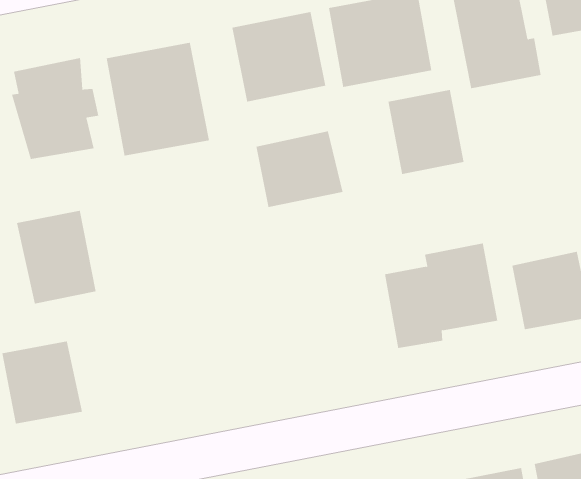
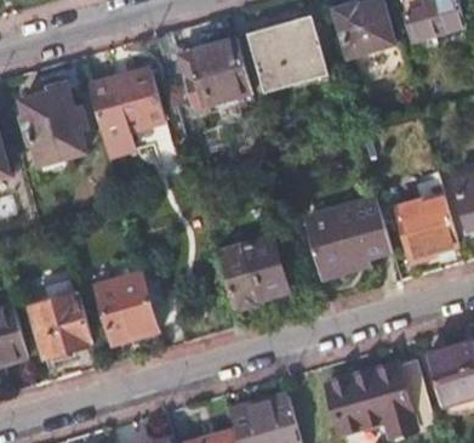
building: [388,89,464,175] -> none
building: [256,131,343,208] -> none
building: [16,210,97,304] -> [96,273,159,345]
building: none -> [219,238,289,307]

